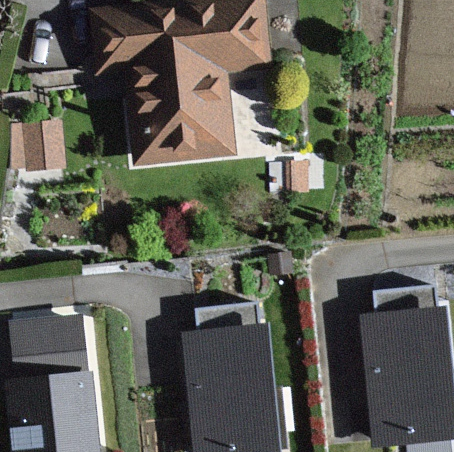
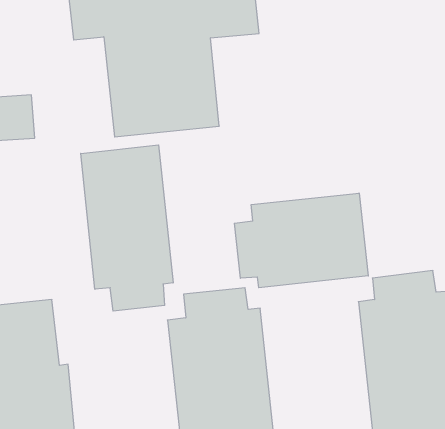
building: none -> [81,145,173,311]
building: none -> [234,193,368,288]

